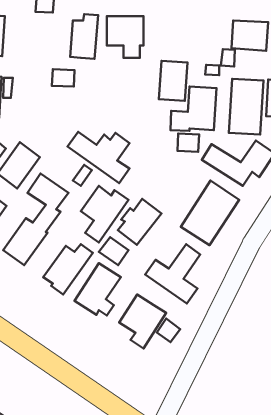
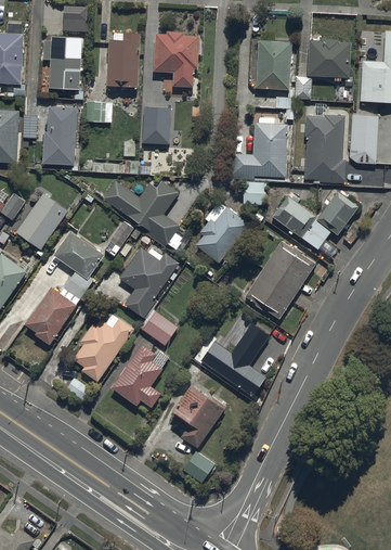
building: none -> [48,36,81,89]
building: [159,61,188,101] -> [255,39,290,89]
building: none -> [139,103,168,141]
building: none -> [41,104,77,165]
building: [118,199,161,245] -> [194,207,248,265]
building: [157,319,180,342] -> [182,450,211,479]

